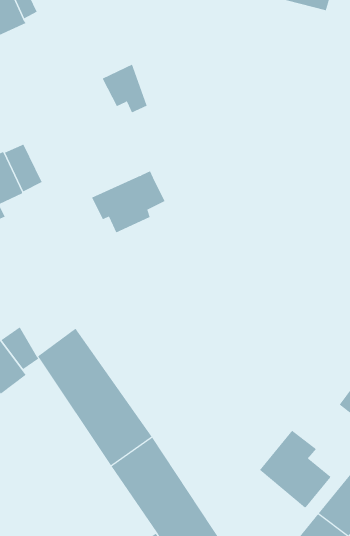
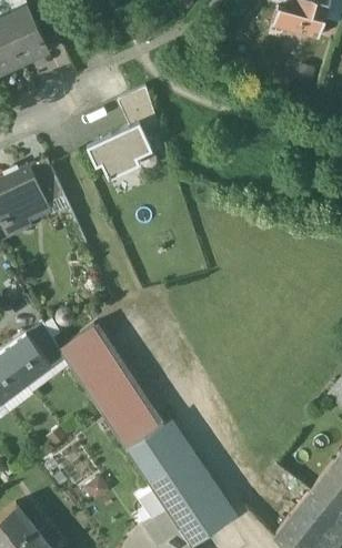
building: [91,170,165,233] -> [87,122,153,179]
building: [259,430,331,508] -> none

